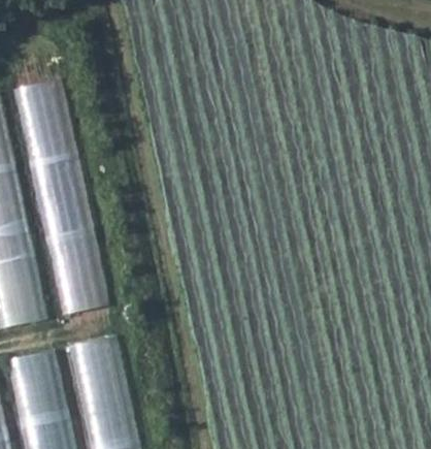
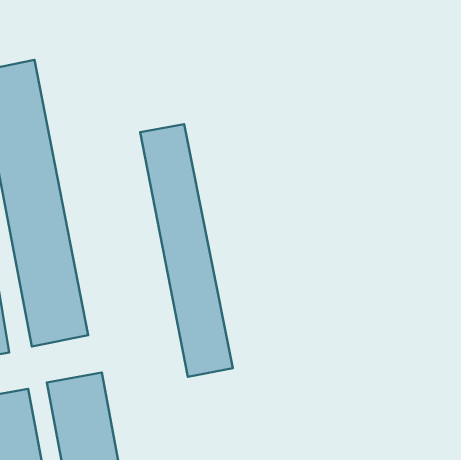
building: none -> [140,124,233,377]

